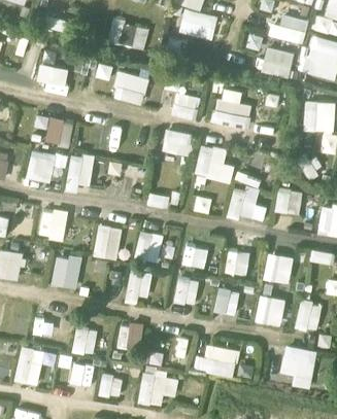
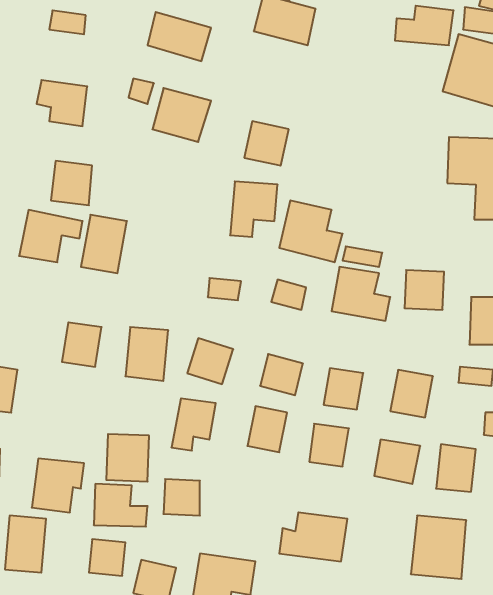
building: [260,46,294,78] -> none
building: [214,89,250,125] -> none
building: [53,256,80,287] -> [106,434,149,482]

